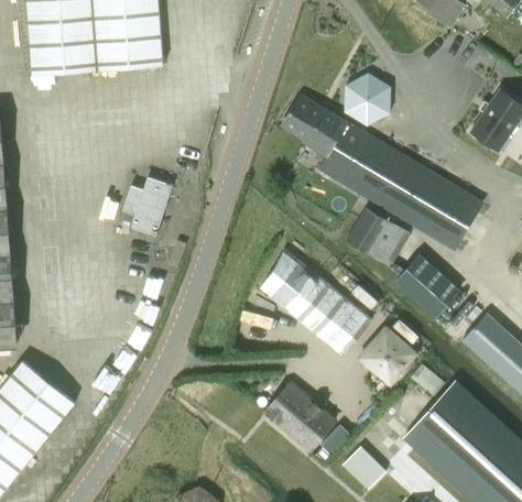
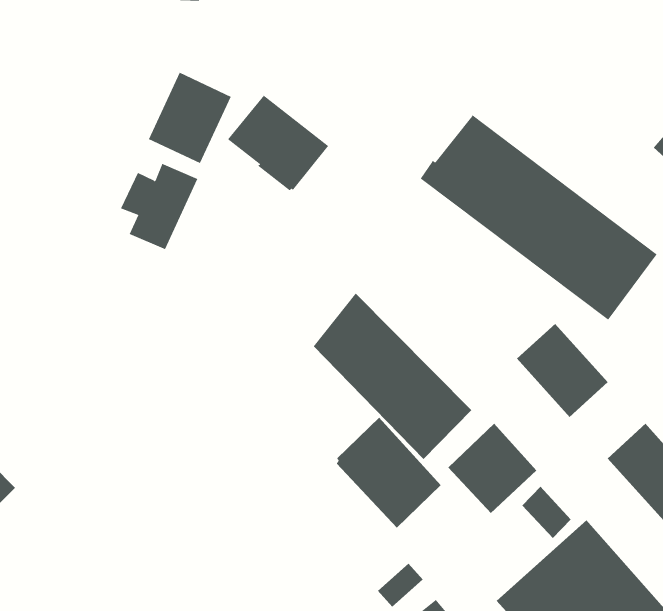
building: [344,74,389,124] -> none
building: [280,95,348,156] -> [227,95,330,191]
building: none -> [148,72,232,164]
building: [346,207,409,265] -> none
building: [265,379,337,451] -> [336,417,441,528]

